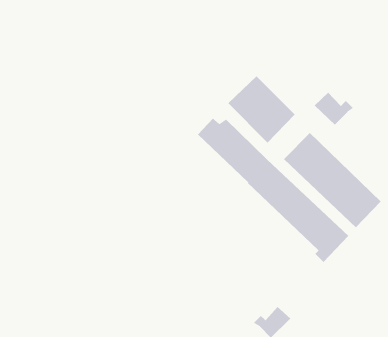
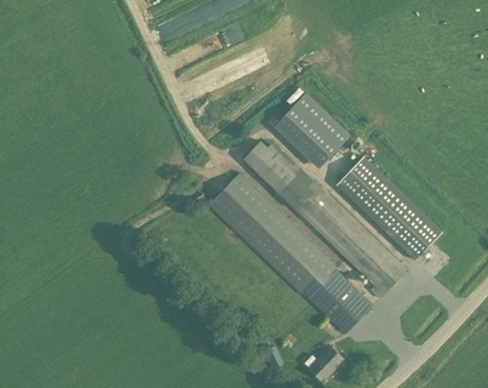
building: [314,92,354,126] -> none
building: none -> [207,172,371,333]

